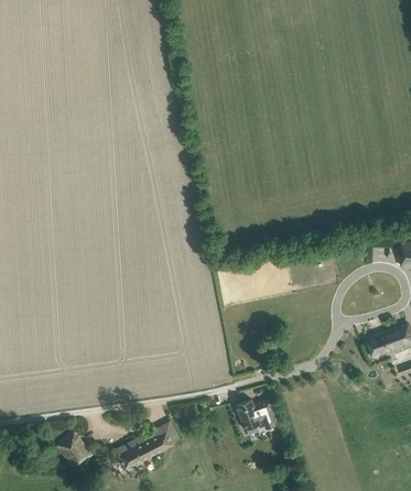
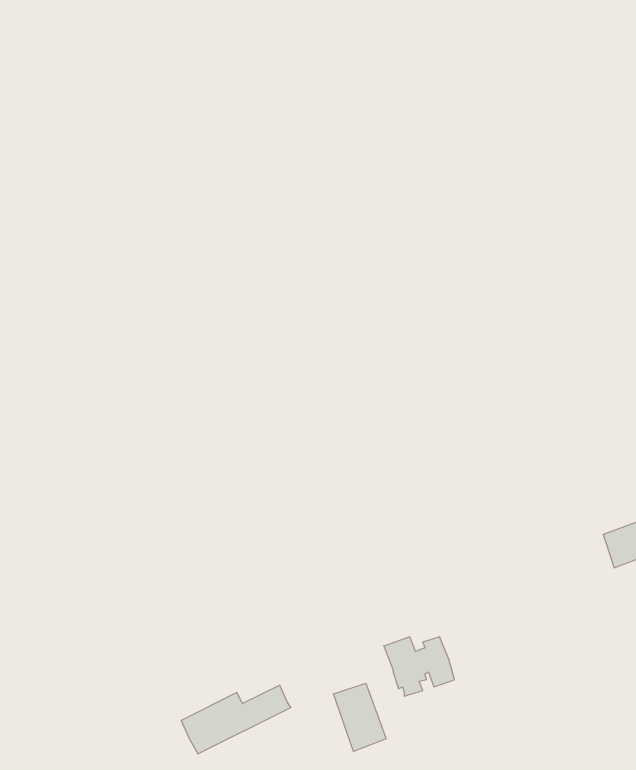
building: none -> [334,683,386,751]
building: [54,430,91,470] -> none

